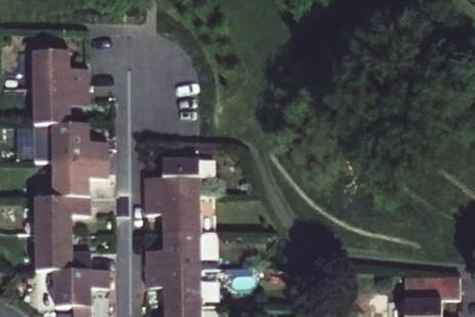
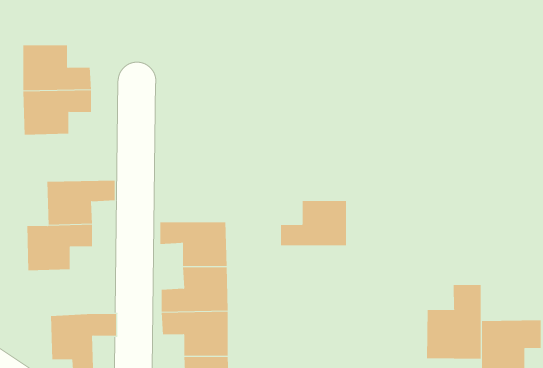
building: [31,123,107,162] -> none
building: [143,157,197,194] -> [280,201,347,246]
building: [36,233,89,271] -> none
building: none -> [427,284,481,359]

